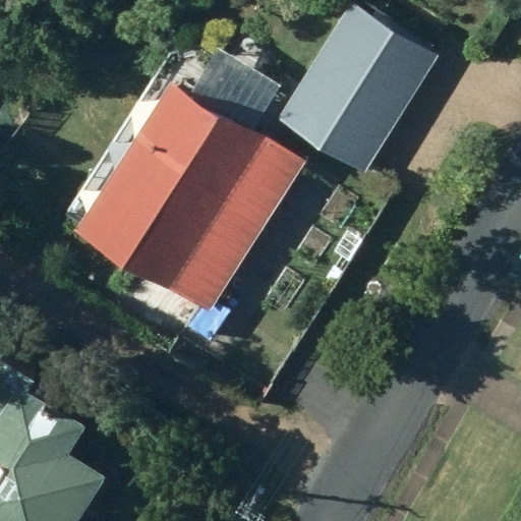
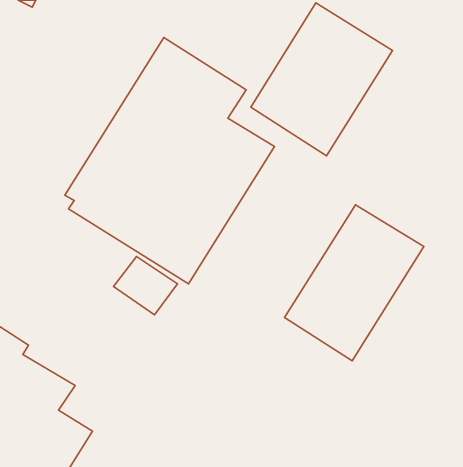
building: none -> [284,205,424,361]

